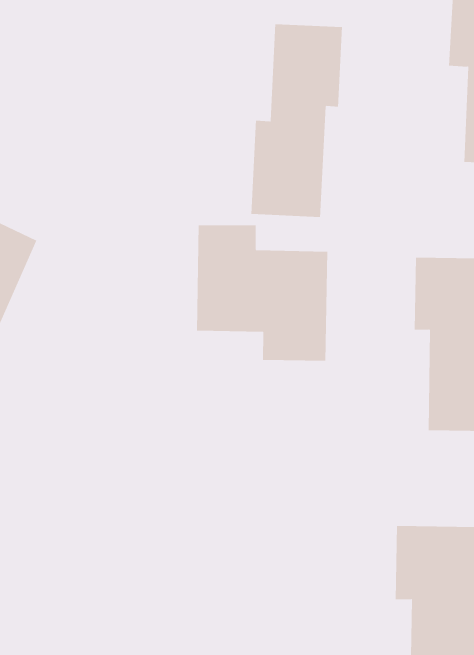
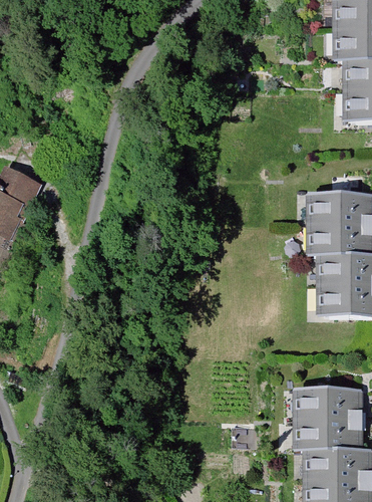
building: [251,23,342,218] -> none
building: [196,224,328,361] -> none

